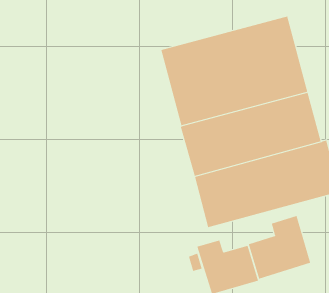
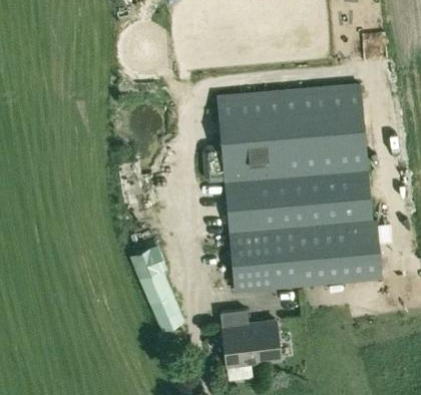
building: none -> [130,247,184,331]
building: [248,215,311,279] -> none

